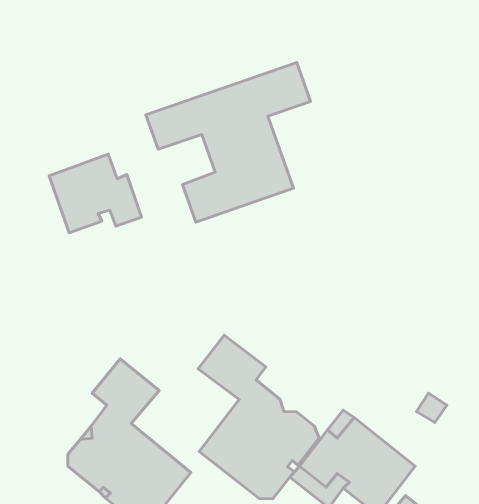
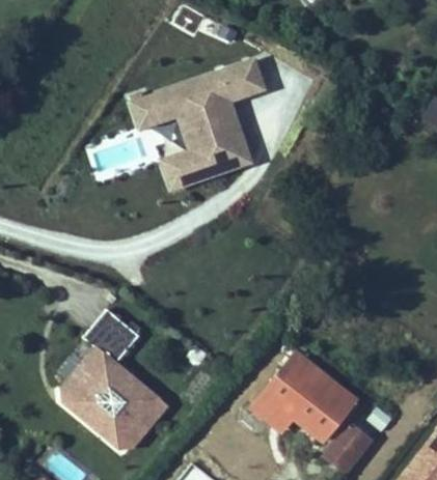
building: [49,154,141,233] -> none
building: [198,335,319,499] -> none

